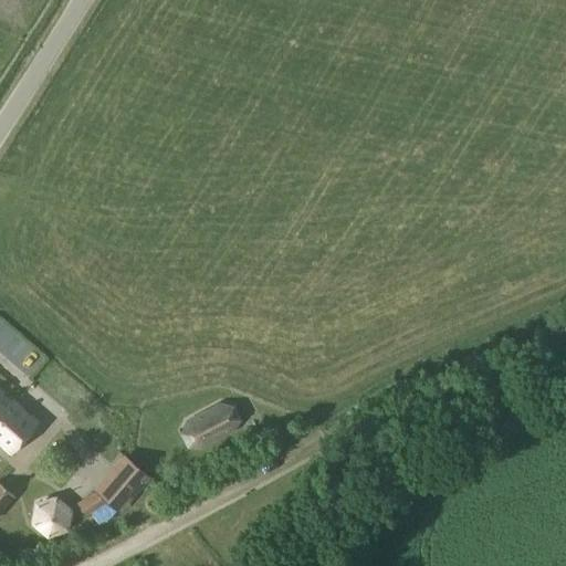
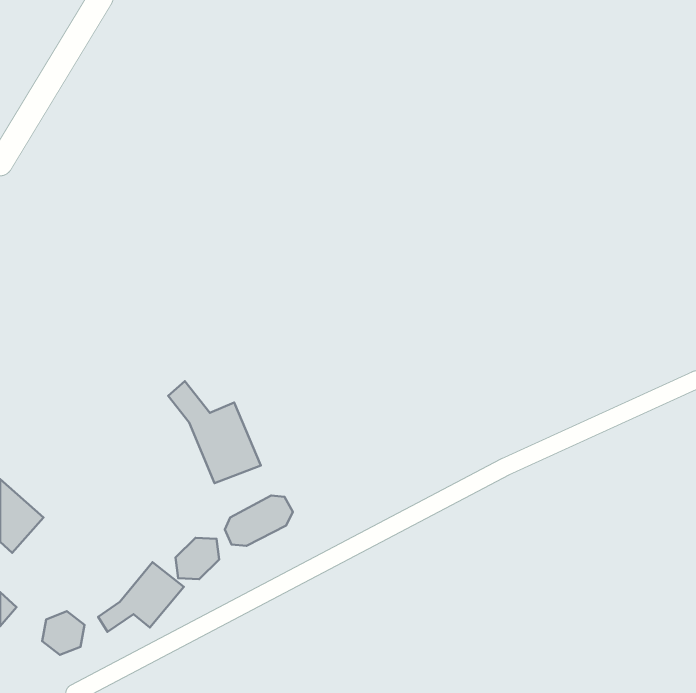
building: none -> [168,381,261,483]
building: none -> [176,538,219,579]

